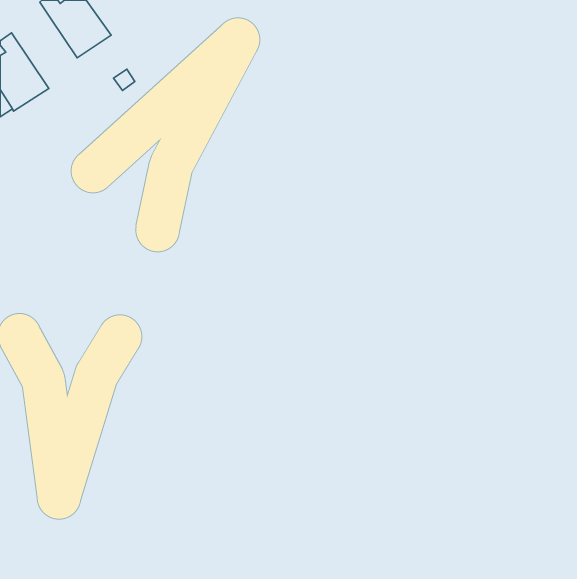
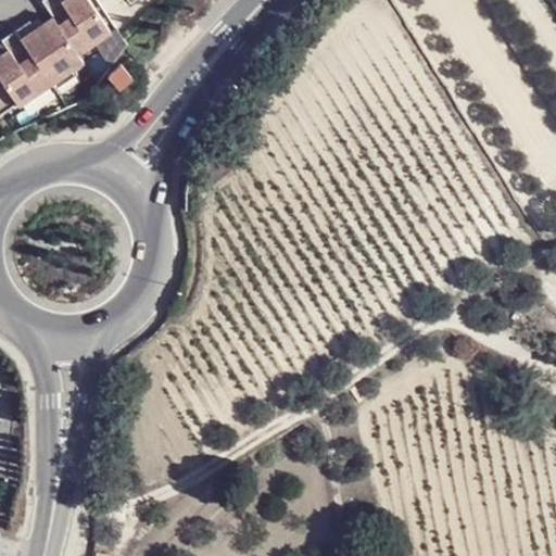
building: none -> [13,18,81,91]

